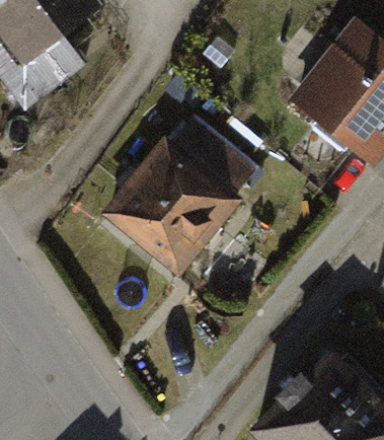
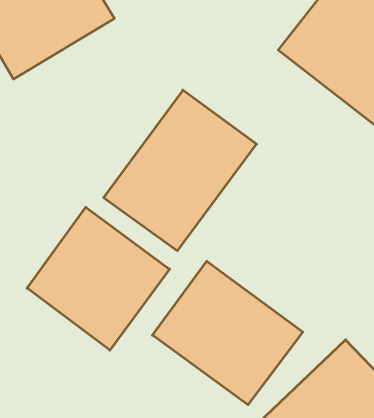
building: none -> [27,207,170,350]
building: none -> [152,261,303,405]

